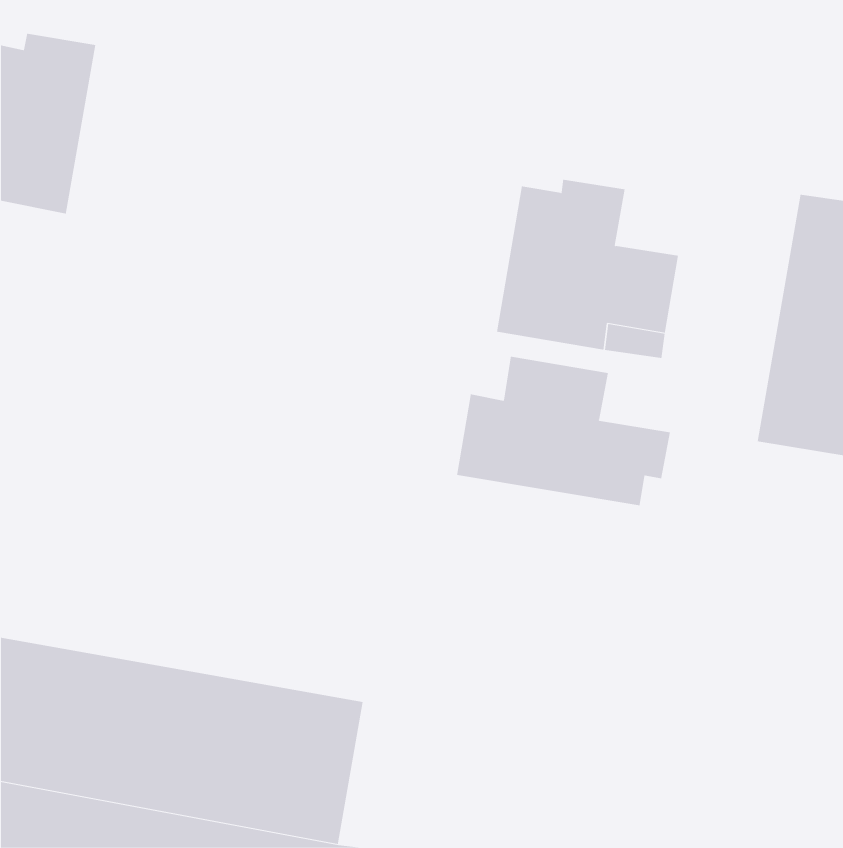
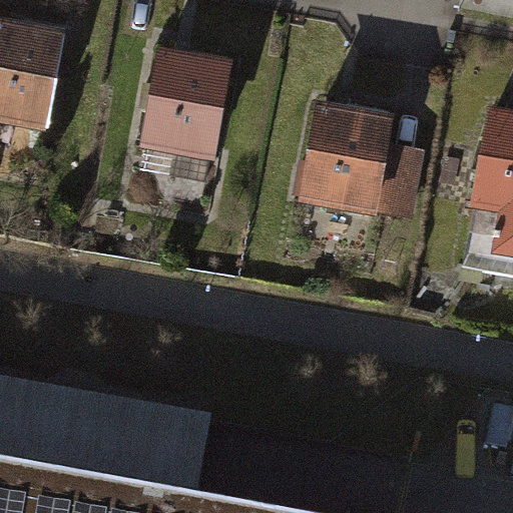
building: none -> [141,52,222,158]
building: [457,356,670,506] -> none

